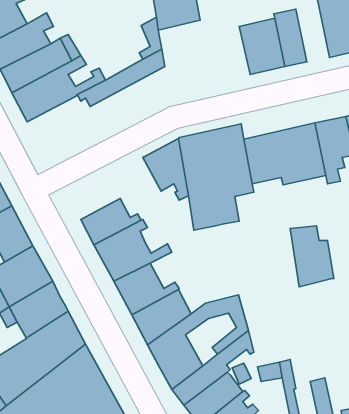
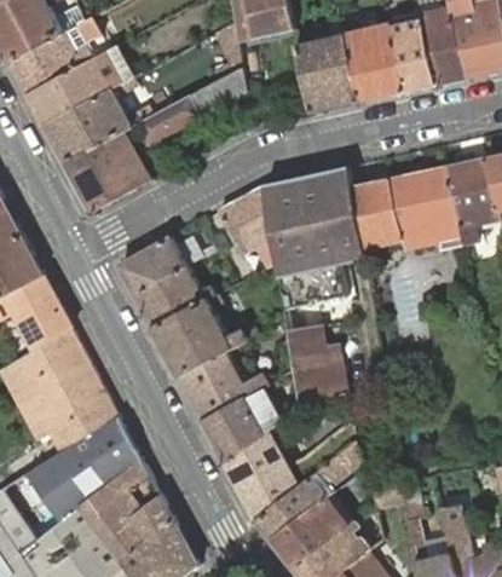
building: none -> [420,8,465,85]
building: none -> [296,19,359,112]
building: none -> [63,131,152,213]
building: none -> [119,237,186,294]
building: [290,226,334,287] -> [288,324,346,405]

